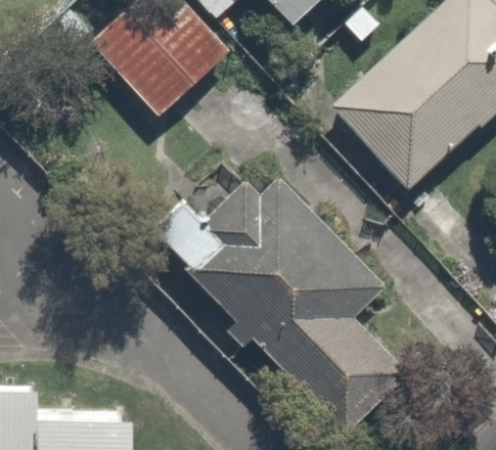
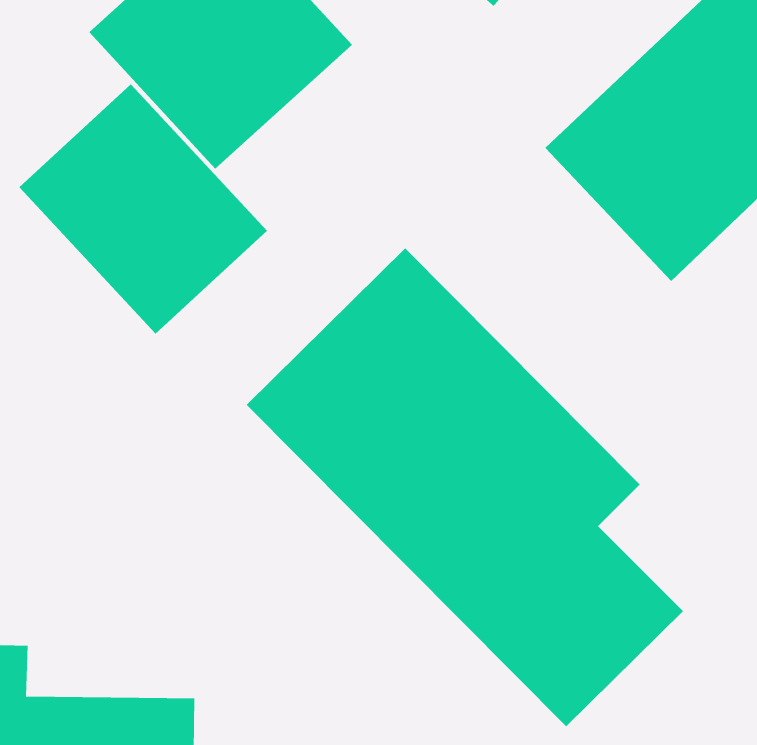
building: none -> [18,84,268,334]

